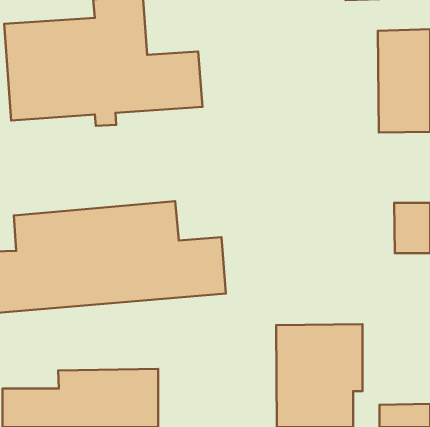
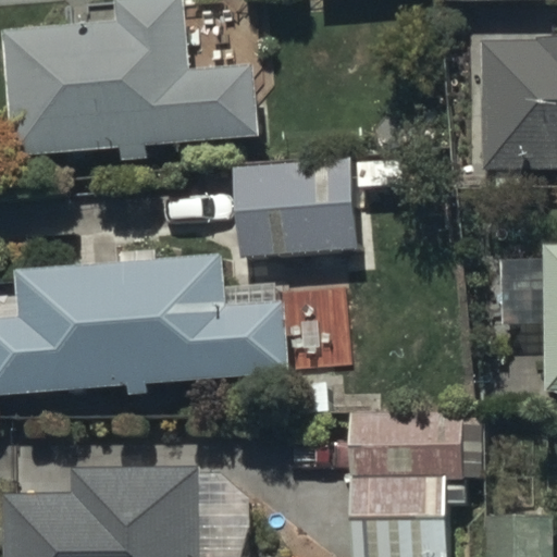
building: none -> [234,150,403,257]

